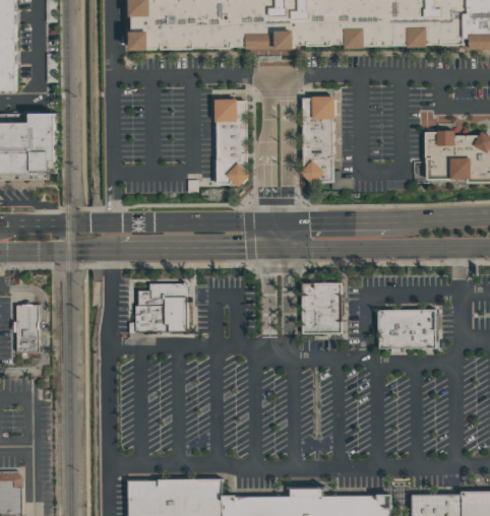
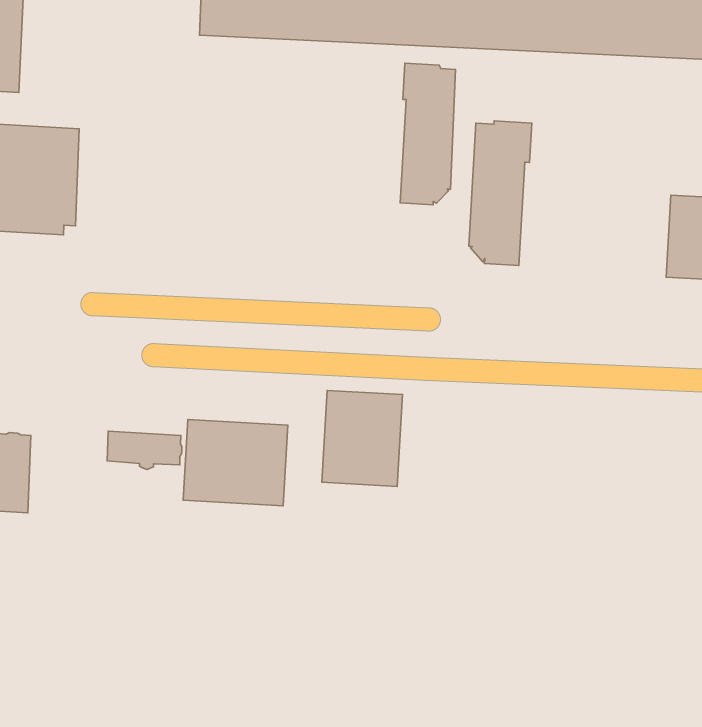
building: [215,96,247,183] -> [400,63,455,205]
building: [300,284,347,341] -> [322,390,403,486]
building: none -> [107,431,182,469]
building: [375,307,443,357] -> none

